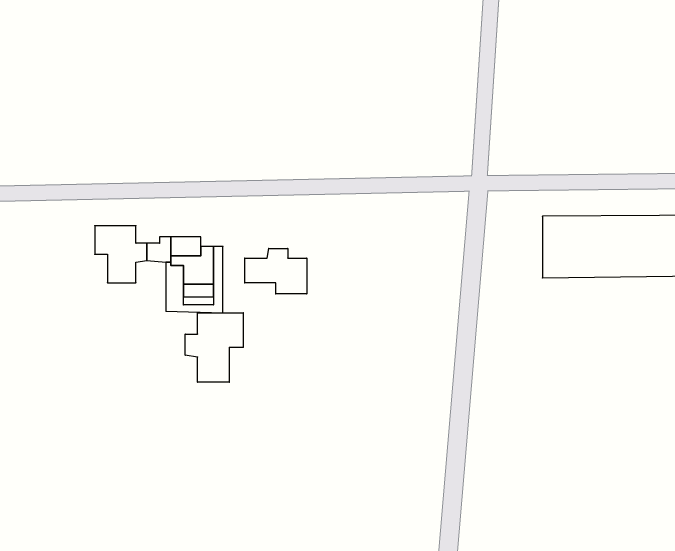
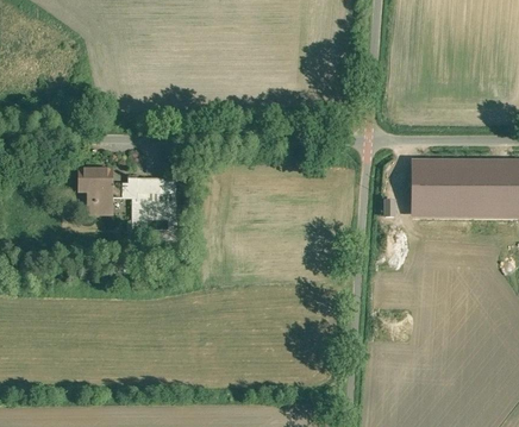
building: [245,248,307,294] -> none
building: [185,313,243,382] -> none

